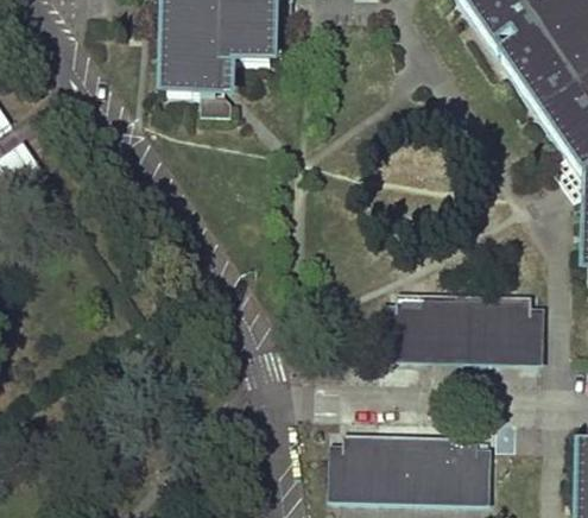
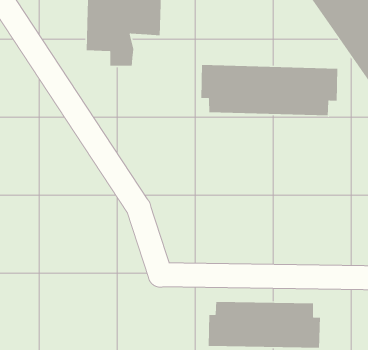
building: none -> [201,64,338,116]
building: [388,293,542,359] -> none

